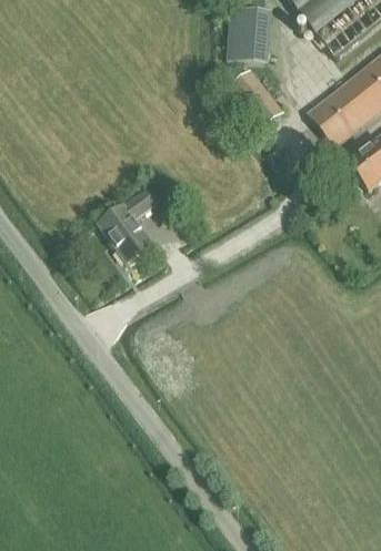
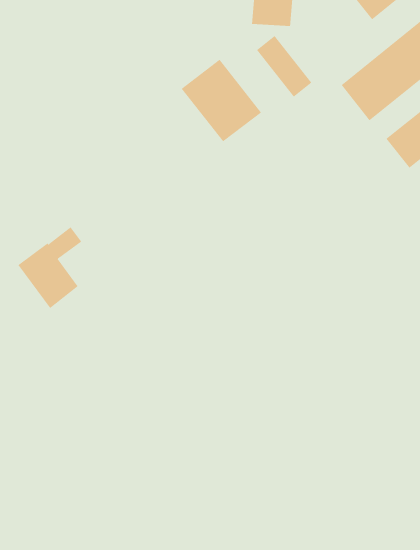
building: none -> [181,59,262,142]
building: [99,186,157,259] -> [17,226,82,309]

